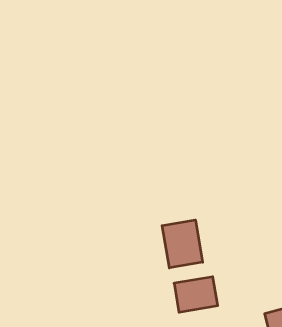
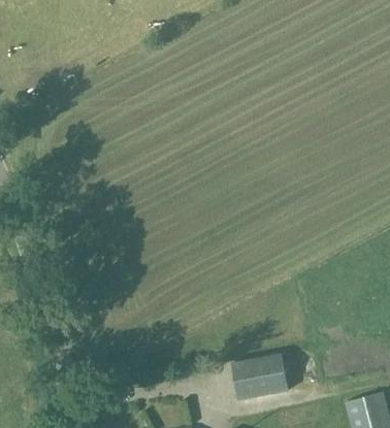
building: [162,220,203,268] -> none

